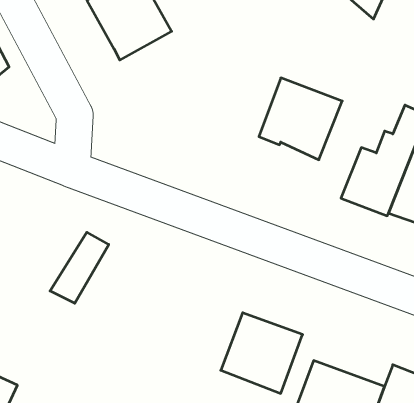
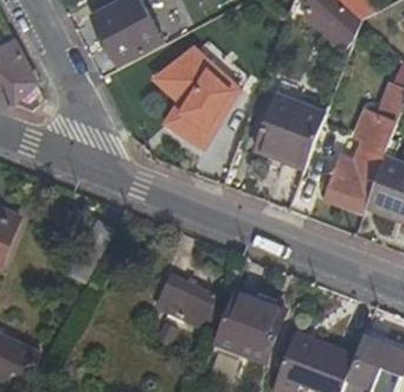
building: none -> [161,49,246,163]
building: none -> [156,274,224,327]

